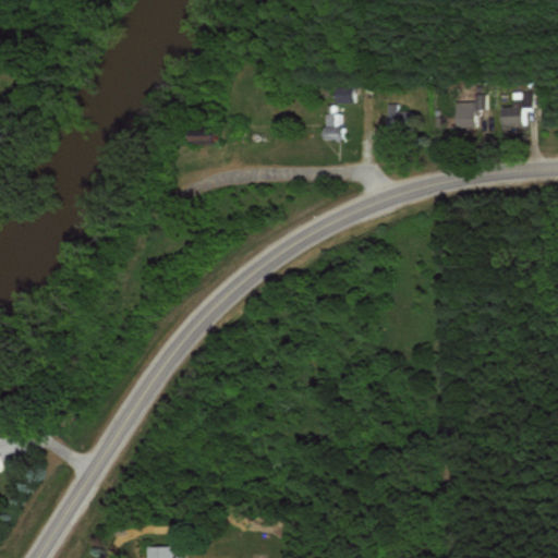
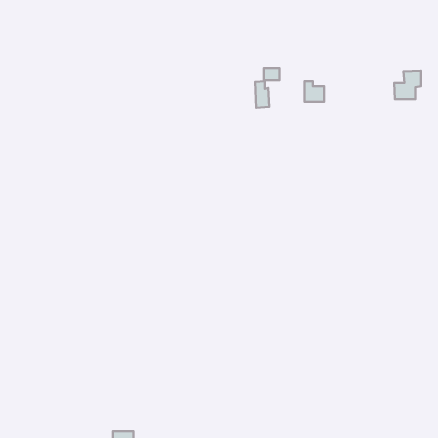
building: [453,96,486,130] -> none

